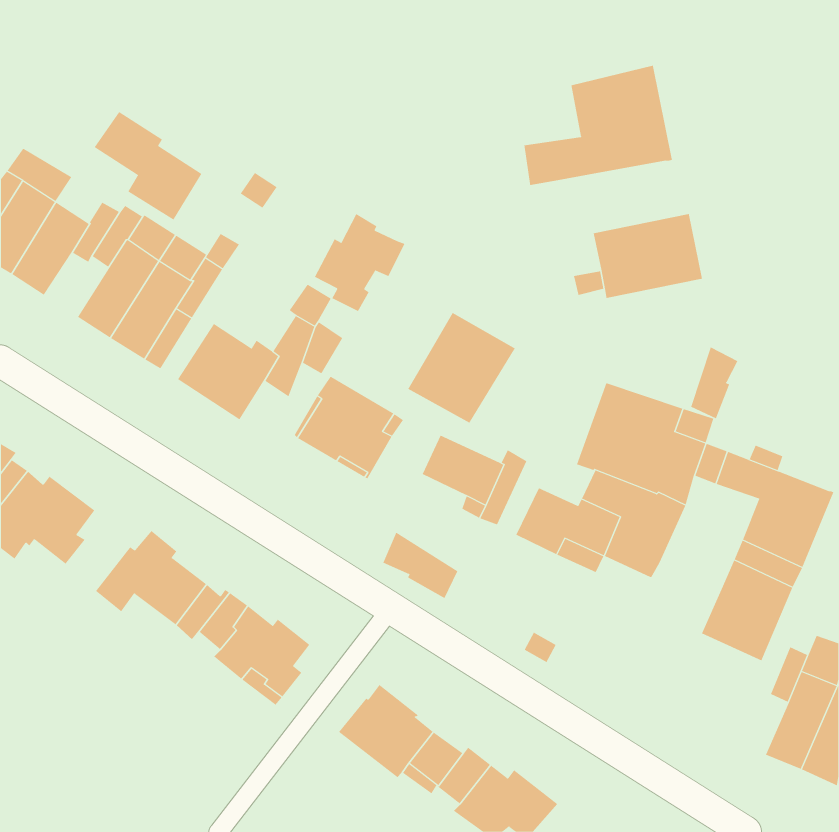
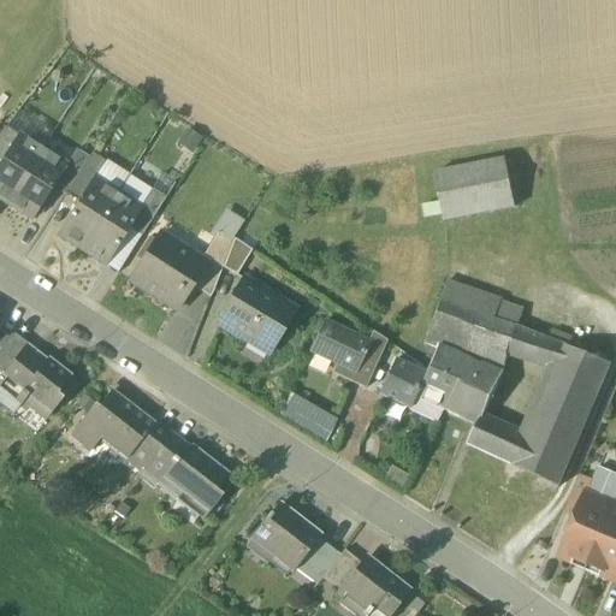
building: [524,65,672,186] -> none
building: [94,111,202,221] -> none
building: [314,213,405,312] -> none
building: [407,312,516,424] -> none
building: [690,346,738,419] -> none
building: none -> [467,413,528,464]

